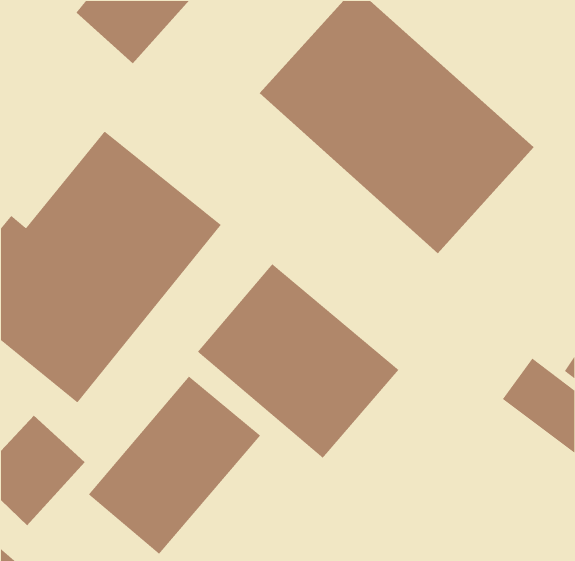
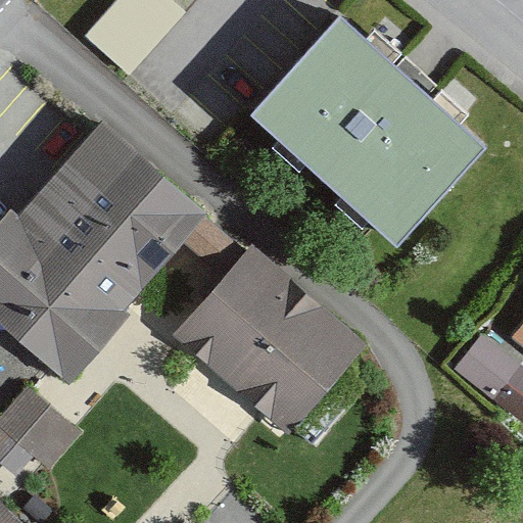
building: [88,375,261,555] -> none

